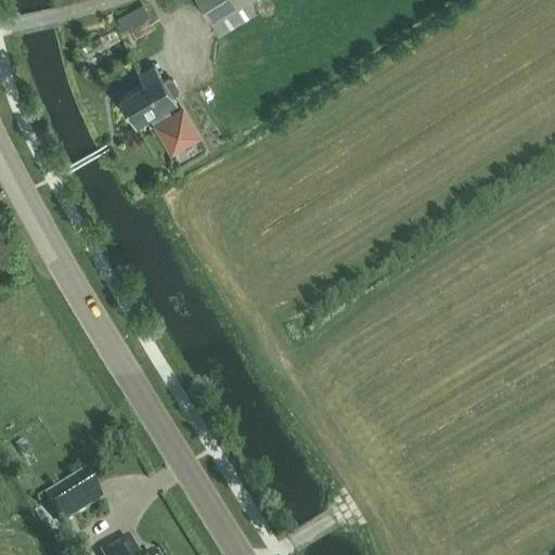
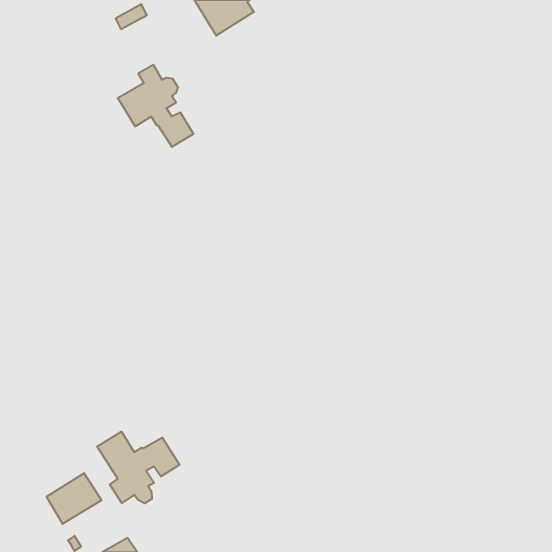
building: none -> [97,432,179,503]

